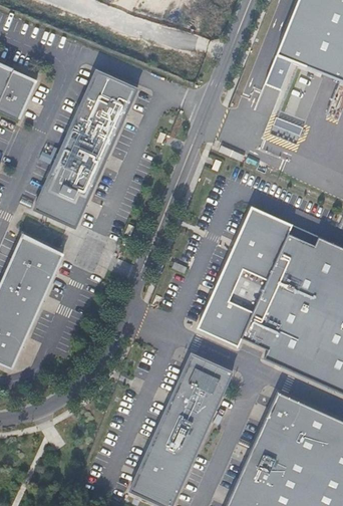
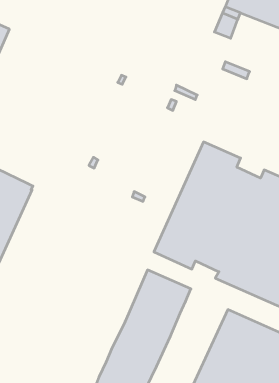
building: [33,69,137,227] -> none

